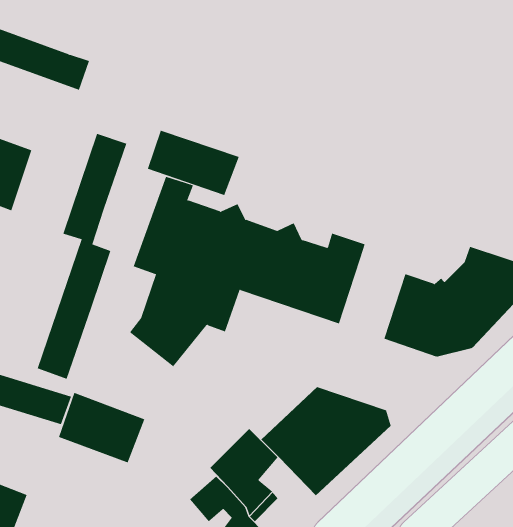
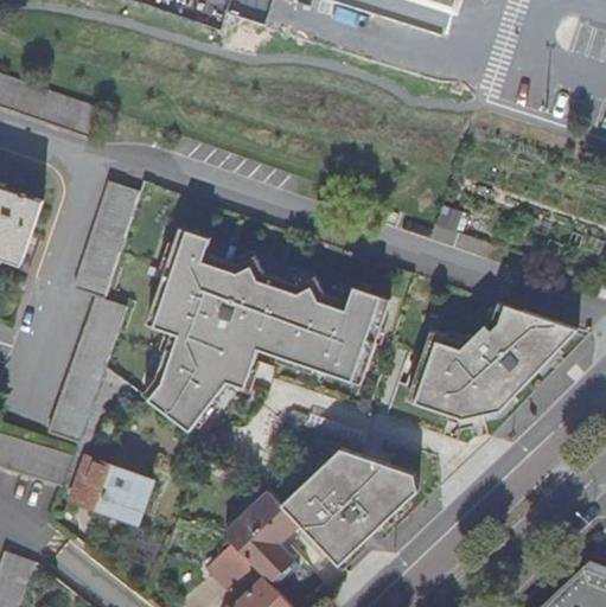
building: [147,130,239,196] -> none

